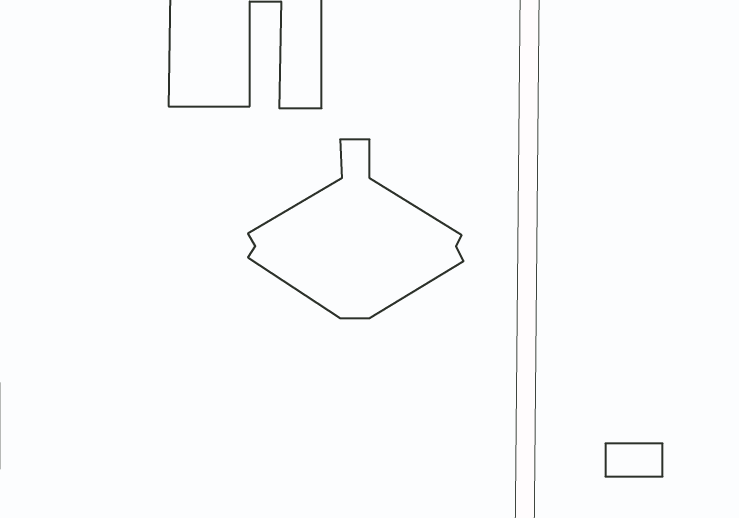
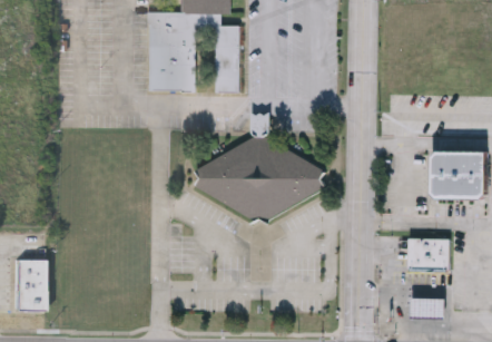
building: none -> [433,149,486,197]
building: none -> [409,237,449,270]

